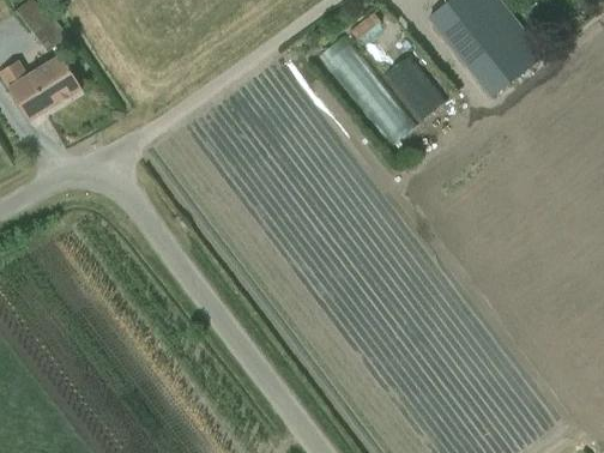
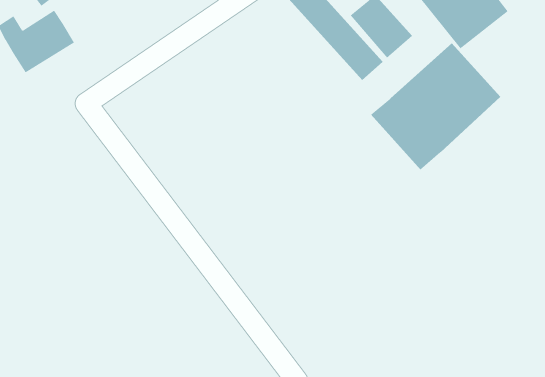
building: none -> [370,42,501,171]

